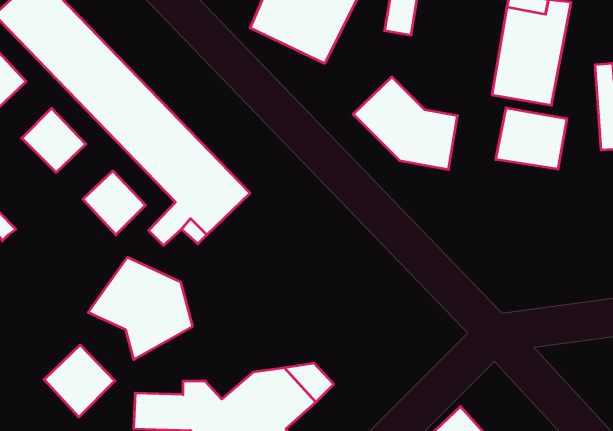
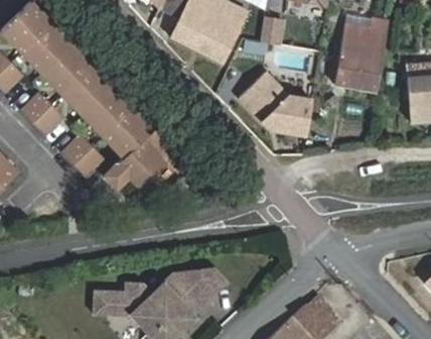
building: [496,108,567,169] -> none
building: [88,257,192,360] -> none
building: [44,345,115,417] -> none

